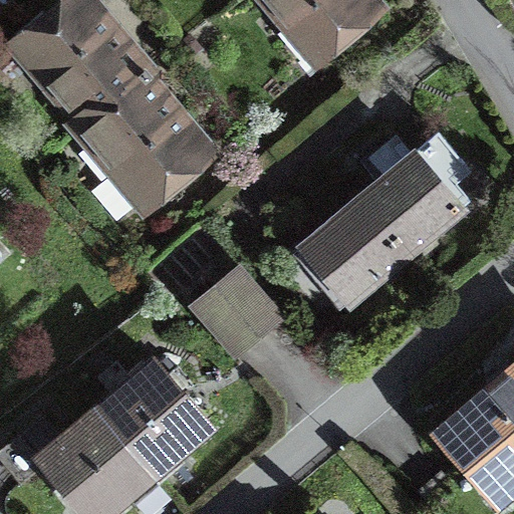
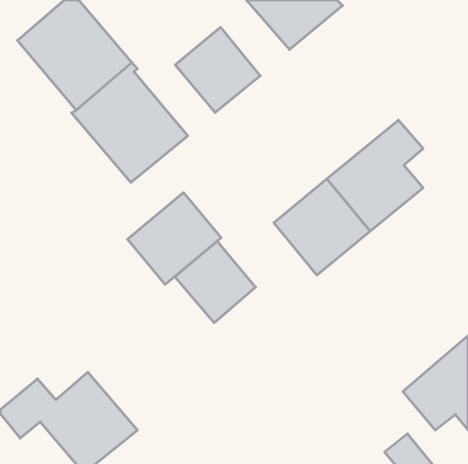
building: none -> [175,27,260,113]
building: none -> [128,193,221,284]
building: [96,363,209,476] -> none

